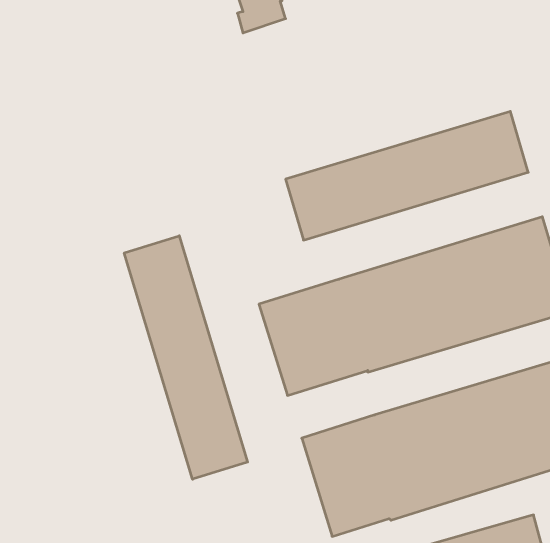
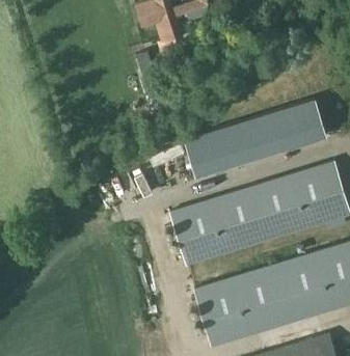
building: [124,236,248,479] -> none

